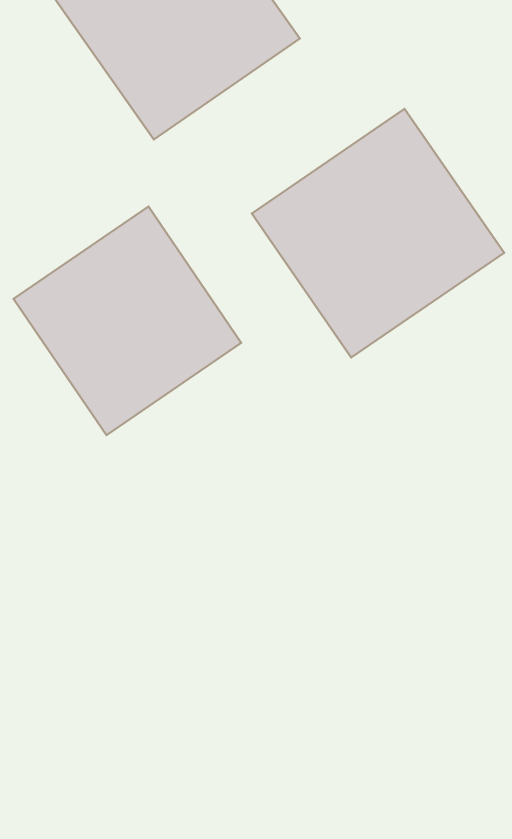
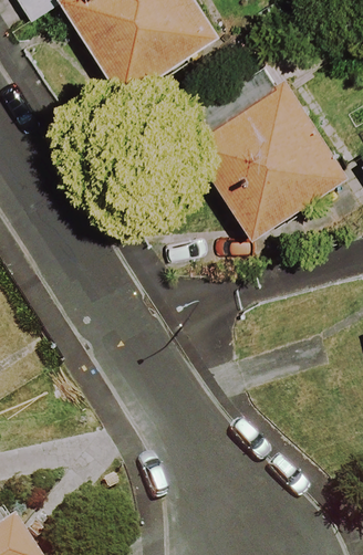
building: [14,206,241,435] -> none

